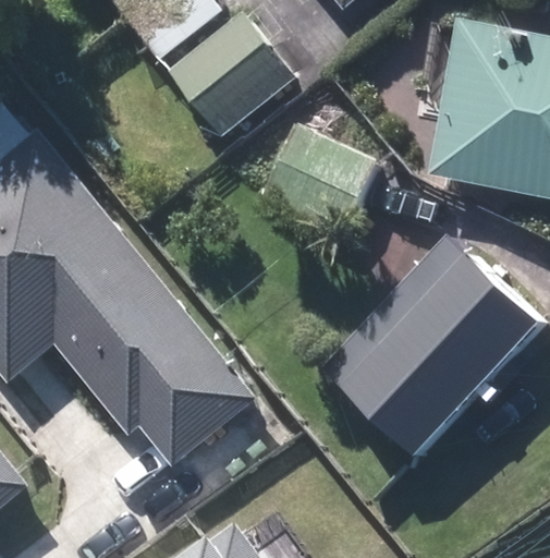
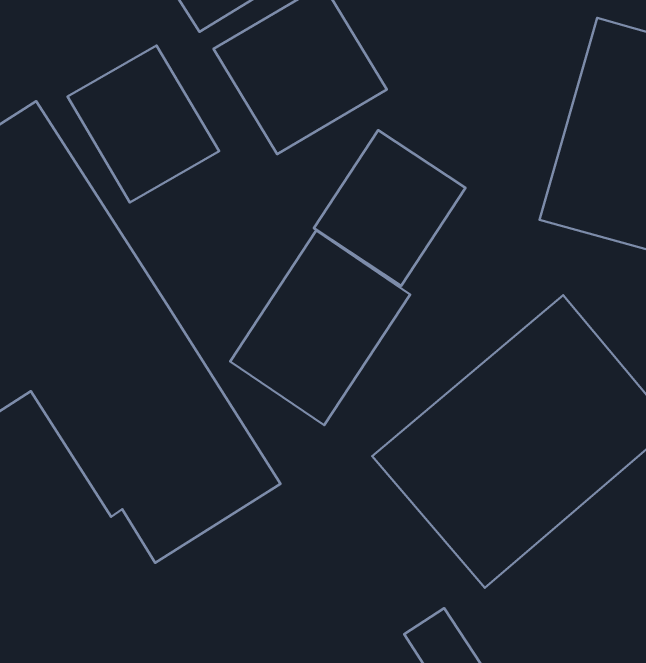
building: none -> [67,45,219,202]
building: none -> [230,231,410,425]

